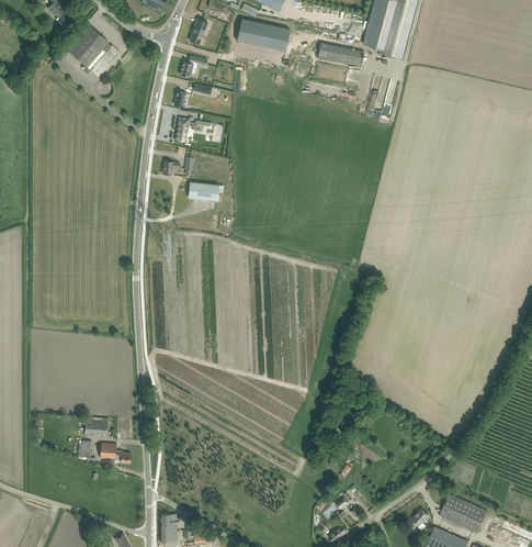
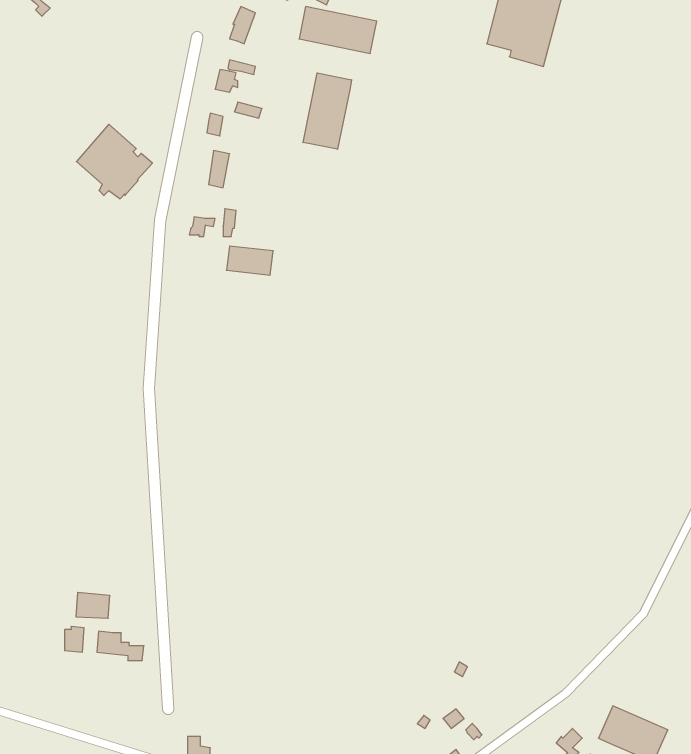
building: [68,25,120,76] -> [76,124,152,199]
building: [318,42,363,66] -> none
building: none -> [303,73,352,149]

